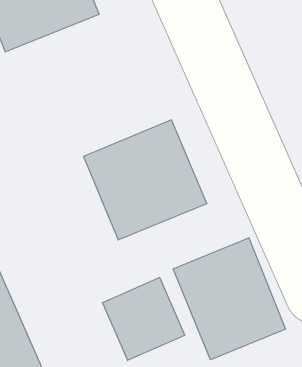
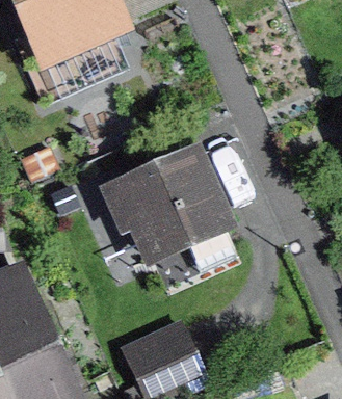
building: [173,238,286,360] -> none

